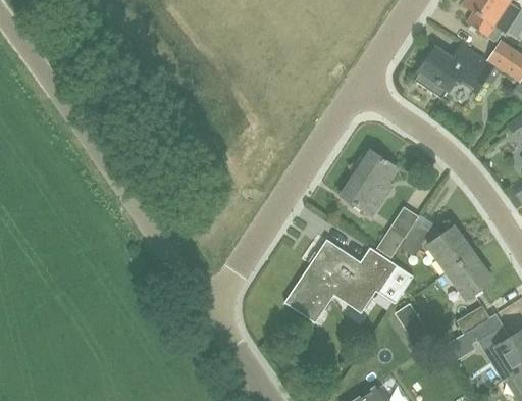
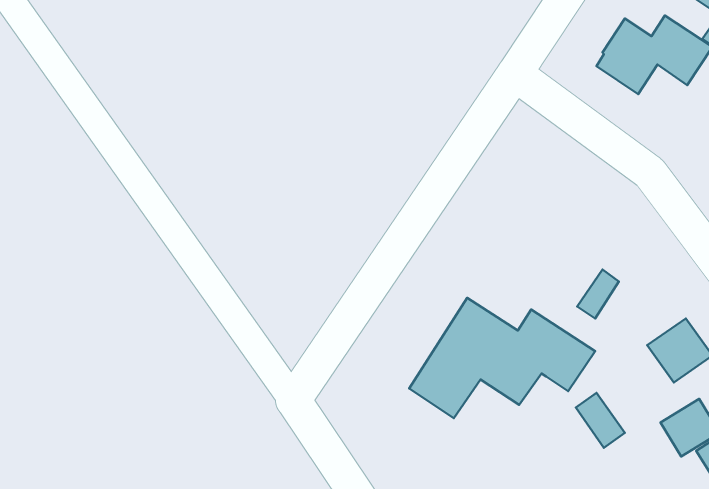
building: [341,150,397,213] -> none
building: [377,207,419,258] -> none
building: [429,227,475,271] -> none

